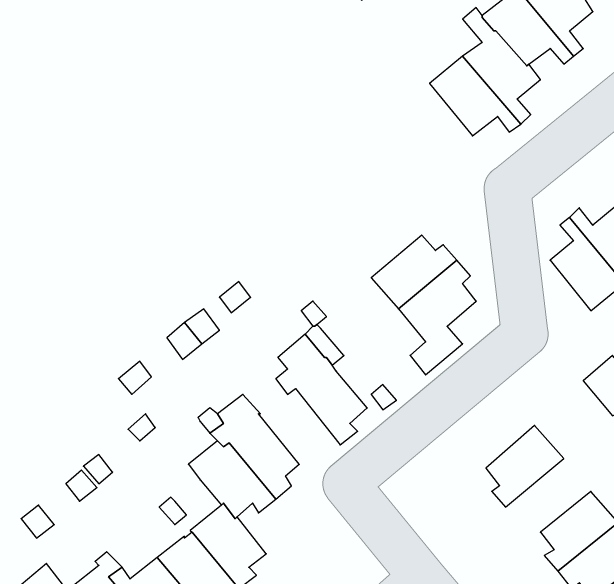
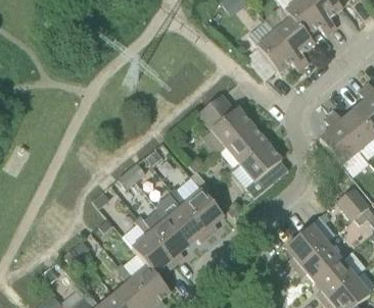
building: none -> [198,94,252,147]
building: none -> [156,187,209,245]
building: none -> [296,242,341,280]

